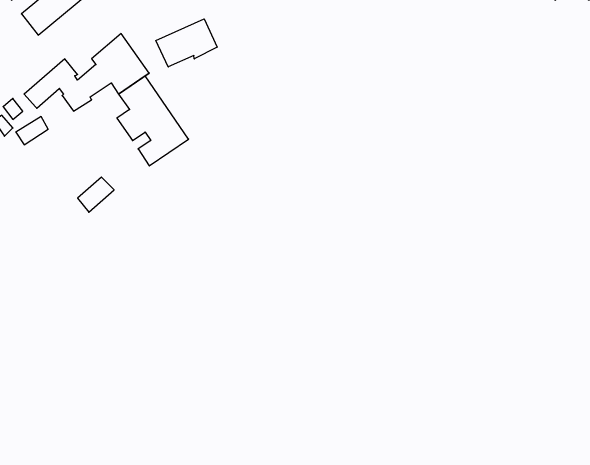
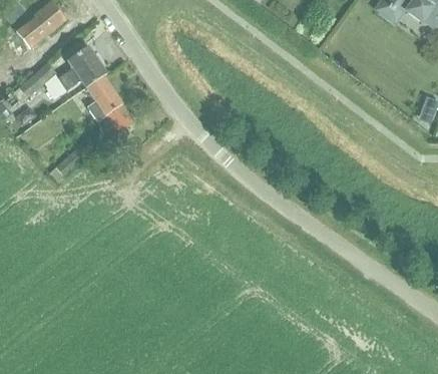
building: [156,19,217,67] -> none

